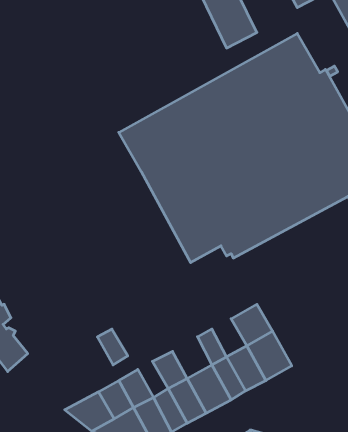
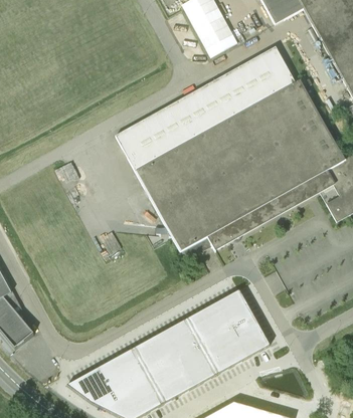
building: none -> [198,302,229,337]
building: [97,329,128,365] -> [132,341,159,373]
building: none -> [163,319,198,356]

